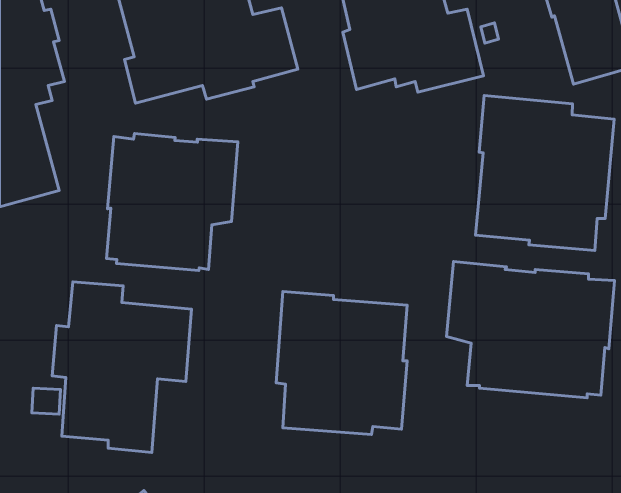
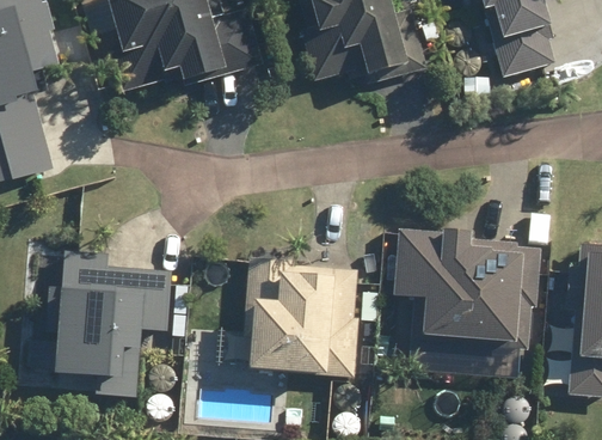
building: [475,96,614,251] -> none
building: [107,133,238,271] -> none

